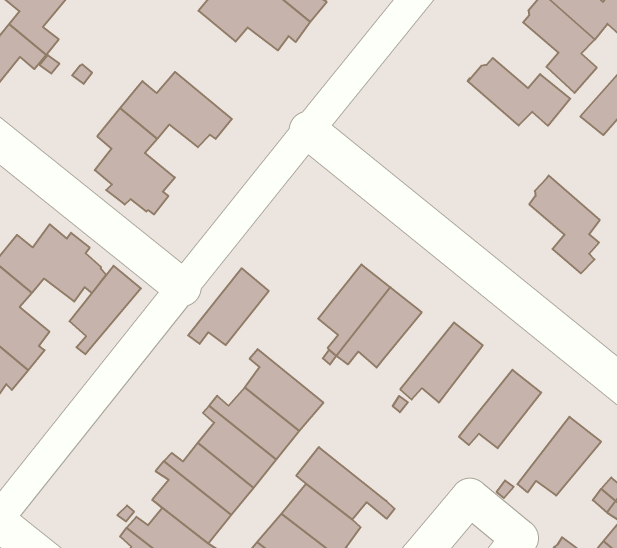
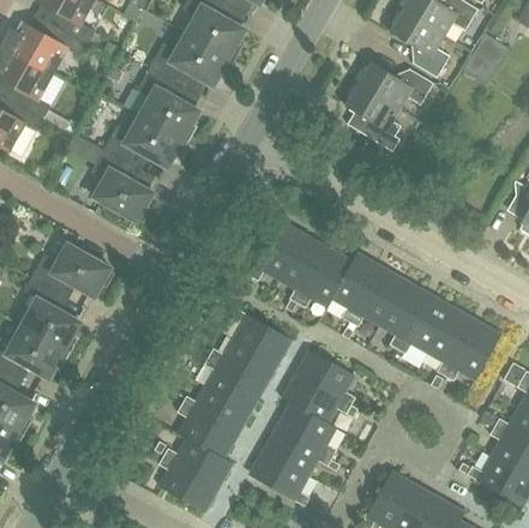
building: none -> [137,65,199,140]
building: [529,175,600,273] -> [347,83,403,151]
building: [69,266,141,354] -> none
building: [188,268,269,345] -> [248,218,302,280]
building: none -> [331,251,378,319]
building: none -> [377,276,427,347]
building: none -> [426,304,475,374]
building: none -> [294,347,355,403]

